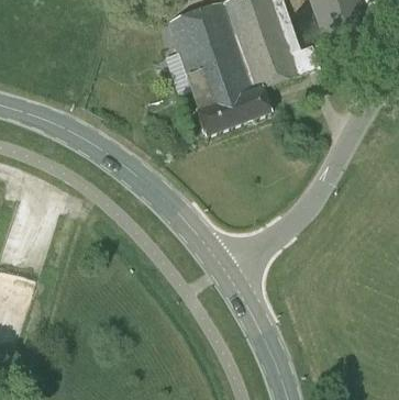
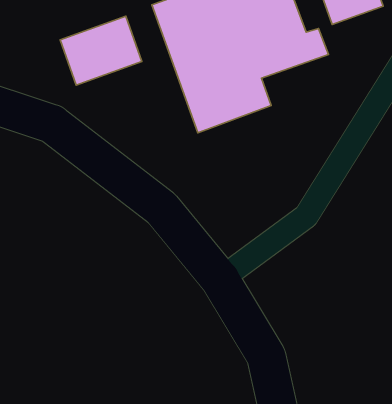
building: none -> [60,16,142,85]

